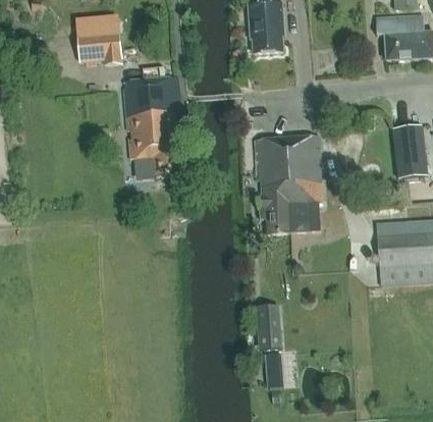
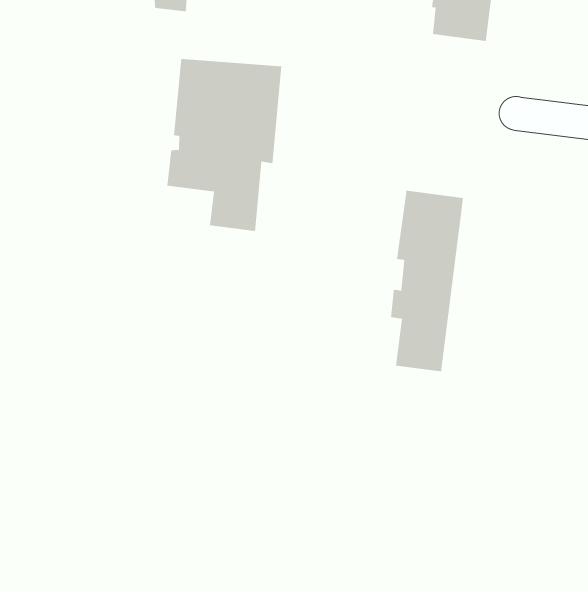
building: [286,136,321,232] -> none
building: [255,304,281,351] -> none

